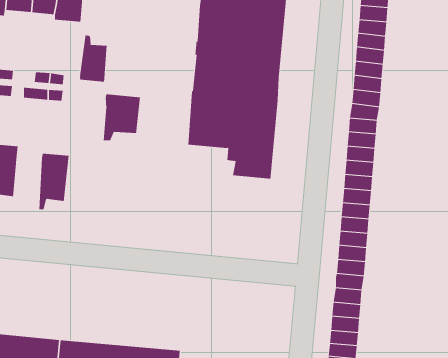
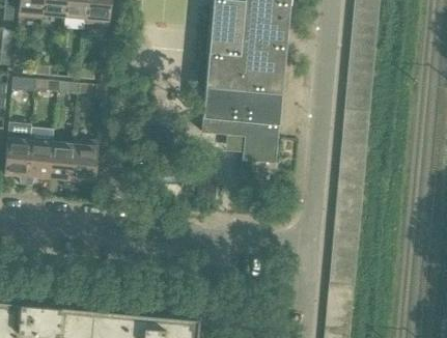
building: [80,35,107,82] -> none
building: [103,94,140,141] -> none
building: none -> [50,143,74,191]

